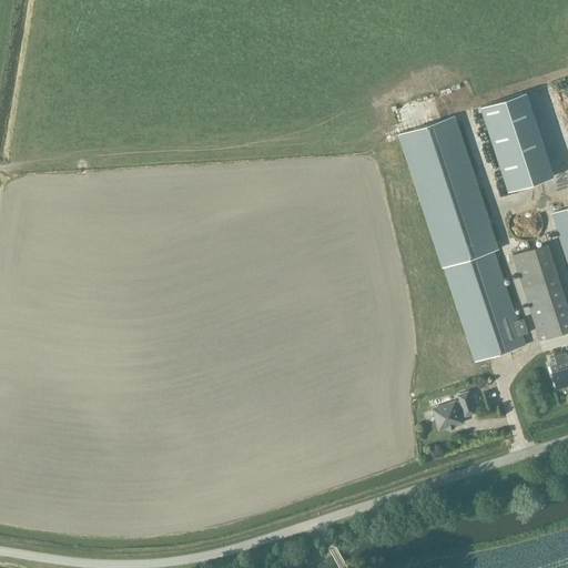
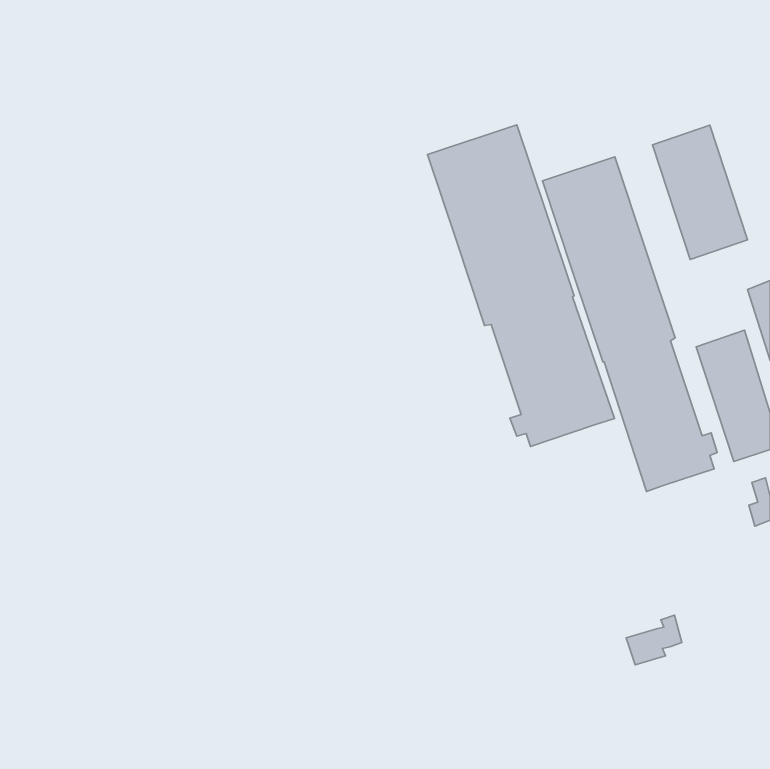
building: none -> [428,125,614,446]
building: [433,393,474,429] -> [626,615,682,665]

